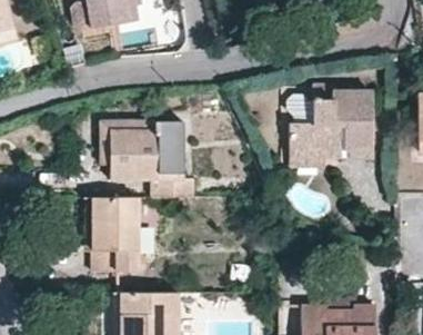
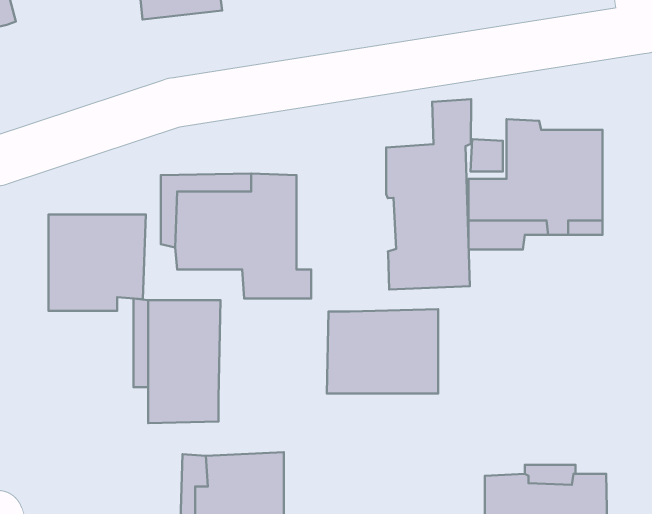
building: none -> [386,99,471,290]
building: none -> [49,215,146,311]
building: none -> [327,309,438,393]

